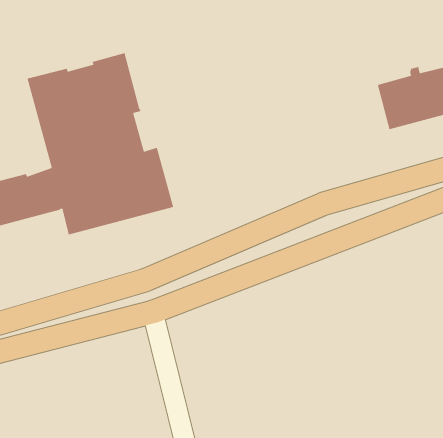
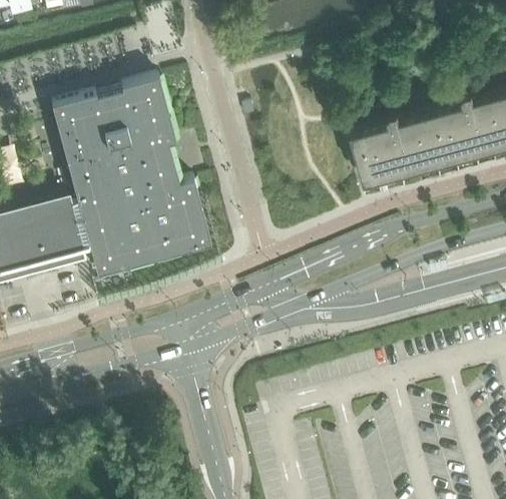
building: none -> [353,113,447,183]

